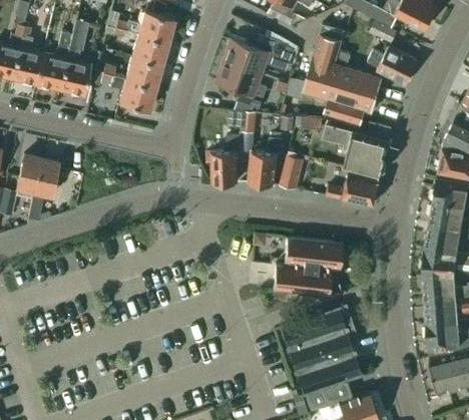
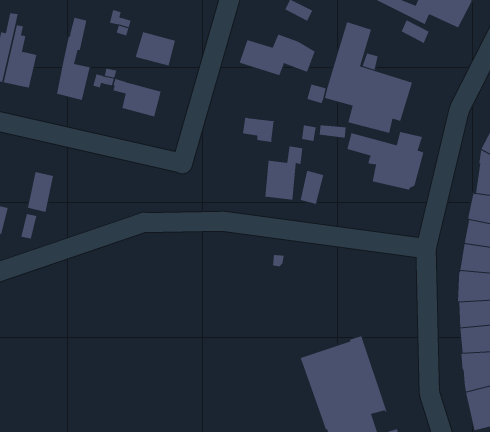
building: [139,9,175,40] -> none
building: [37,31,73,88] -> none
building: [370,48,419,84] -> none
building: [126,55,163,86] -> none
building: [219,60,270,108] -> none
building: [212,135,243,182] -> none
building: [17,154,42,191] -> none
building: [328,171,381,205] -> none
building: [274,237,344,295] -> none

